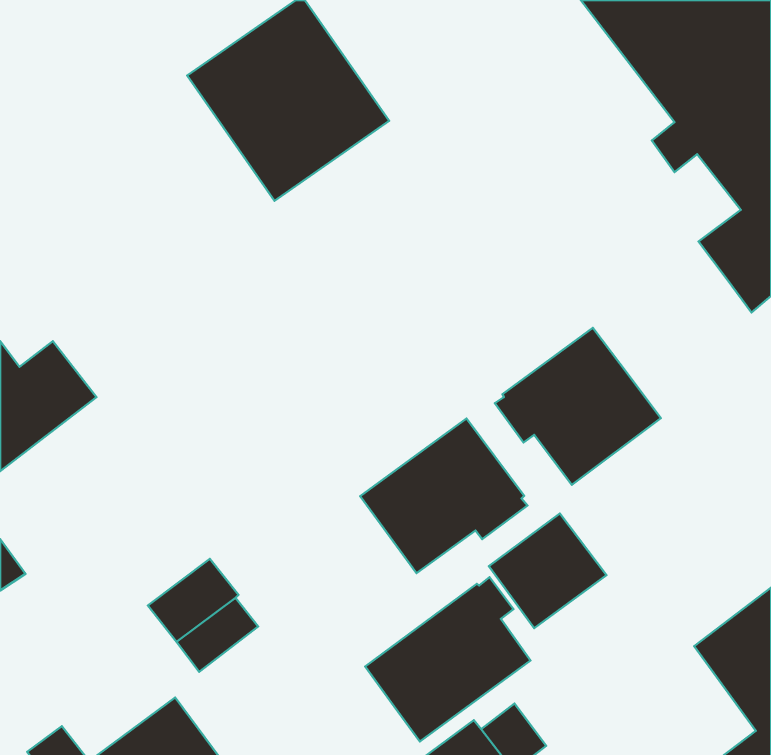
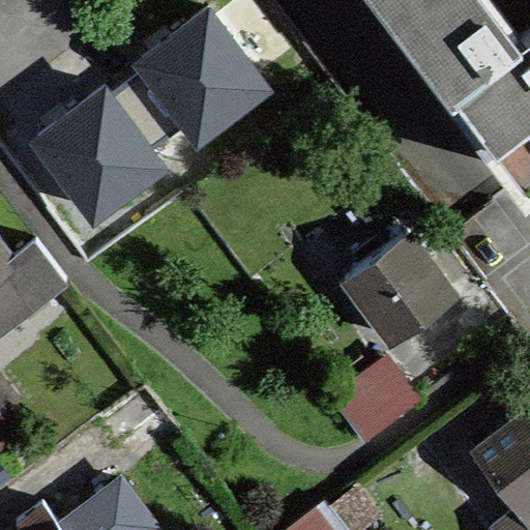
building: none -> [28,83,167,224]
building: [360,419,528,573] -> none
building: [365,577,531,742] -> none

